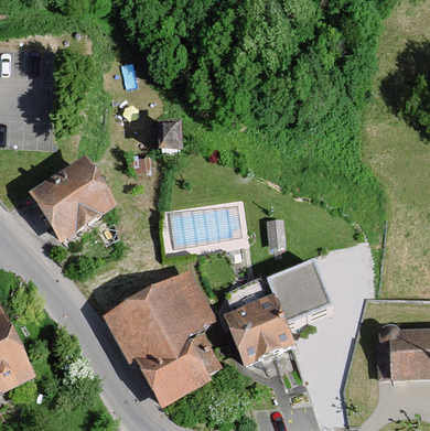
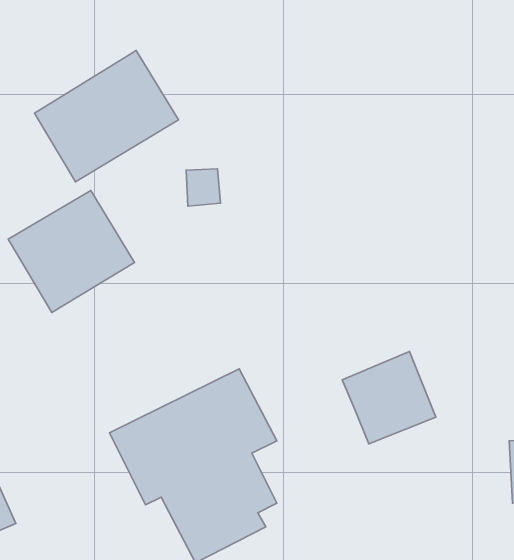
building: none -> [35,50,179,182]
building: [224,302,291,364] -> none

